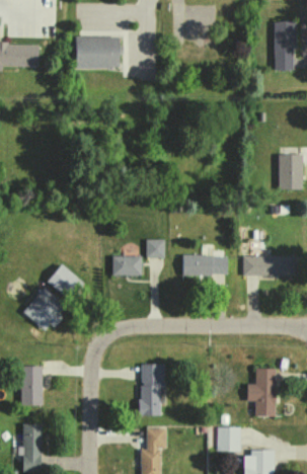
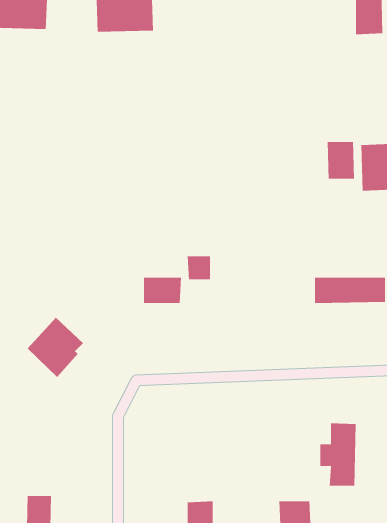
building: none -> [327,141,355,180]
building: [183,255,228,275] -> none
building: [48,264,84,300] -> none
building: [140,364,164,416] -> none
building: [20,366,43,405] -> none

